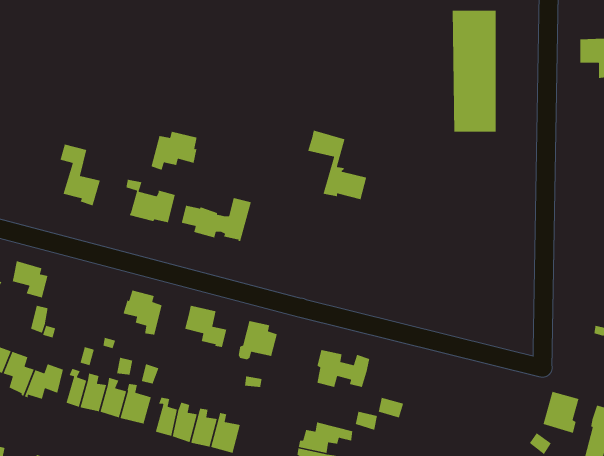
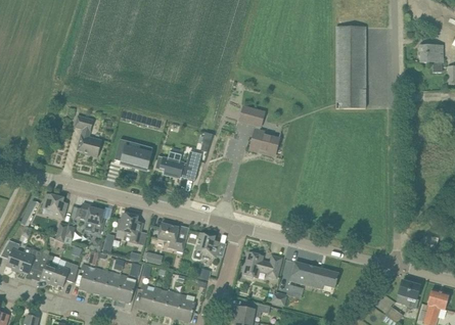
building: [151,131,197,171] -> none
building: none -> [79,202,104,232]
building: none -> [290,261,338,288]

